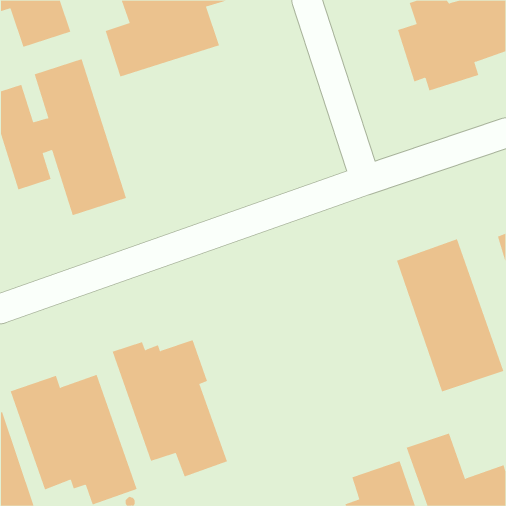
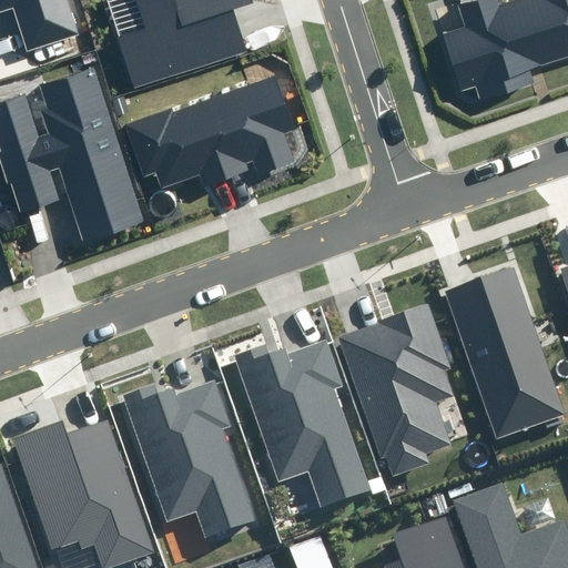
building: none -> [123,74,294,191]
building: none -> [339,304,459,476]
building: none -> [233,339,368,505]

